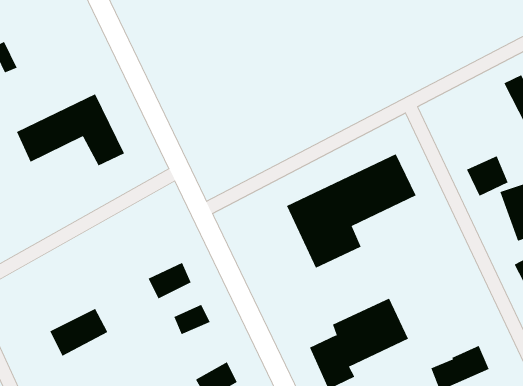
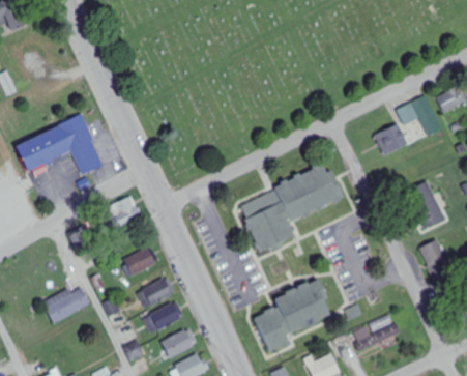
building: [466,156,509,196] -> [373,123,407,156]
building: none -> [110,197,140,226]
building: none -> [149,302,183,331]

